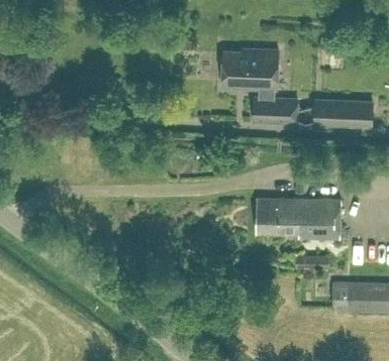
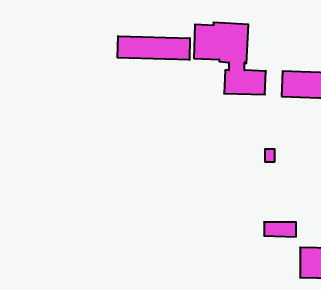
building: none -> [118,36,190,60]
building: [257,198,342,242] -> none

